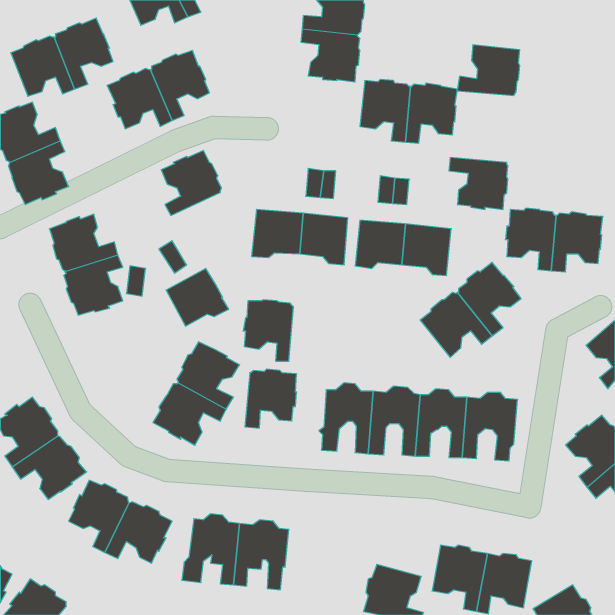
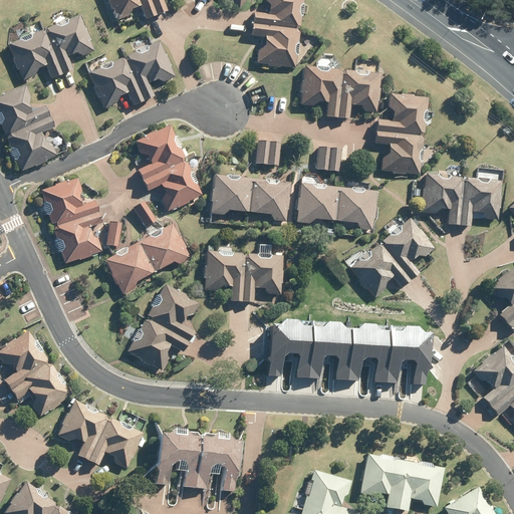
building: [457,45,520,96] -> [375,93,428,136]
building: none -> [143,161,202,211]
building: none -> [104,242,155,295]
building: [245,369,297,428] -> [241,253,284,302]

